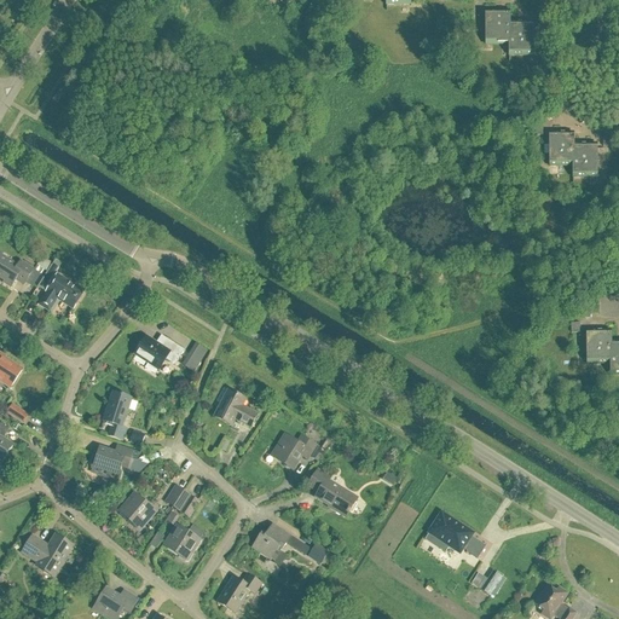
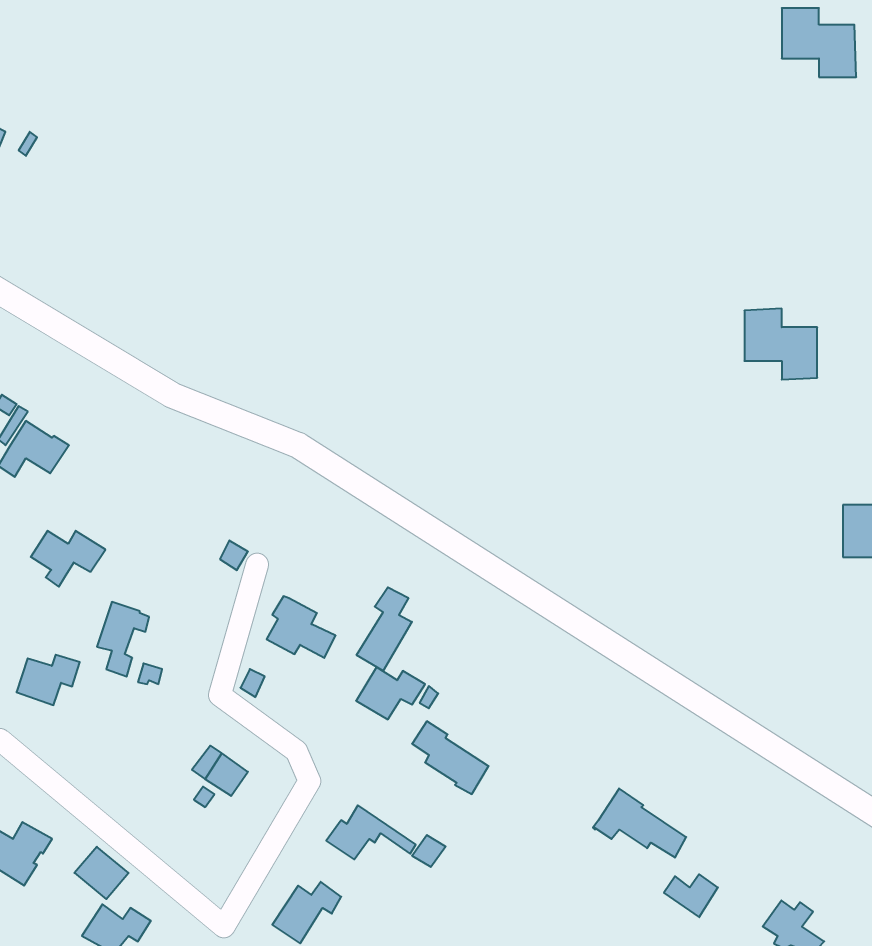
building: [485,8,533,53] -> [782,8,856,77]
building: [549,129,596,175] -> [744,309,817,380]
building: [135,336,184,372] -> [31,531,105,587]
building: none -> [357,587,412,671]
building: [92,445,133,478] -> [16,655,80,705]
building: [120,492,155,526] -> [74,847,129,899]
building: [164,525,198,557] -> none

